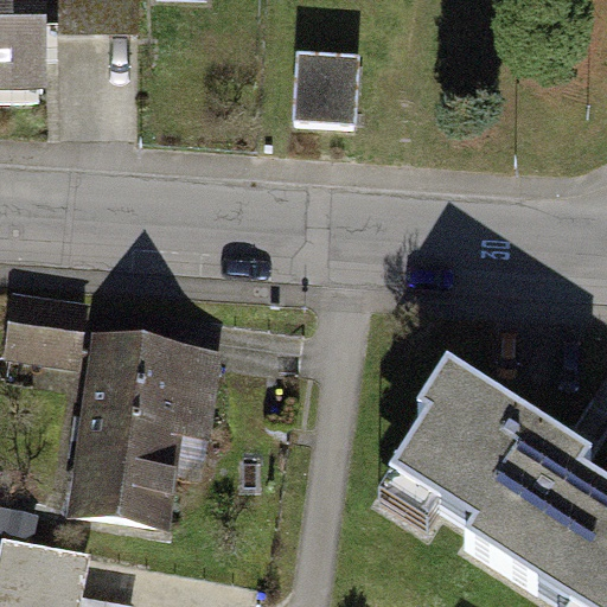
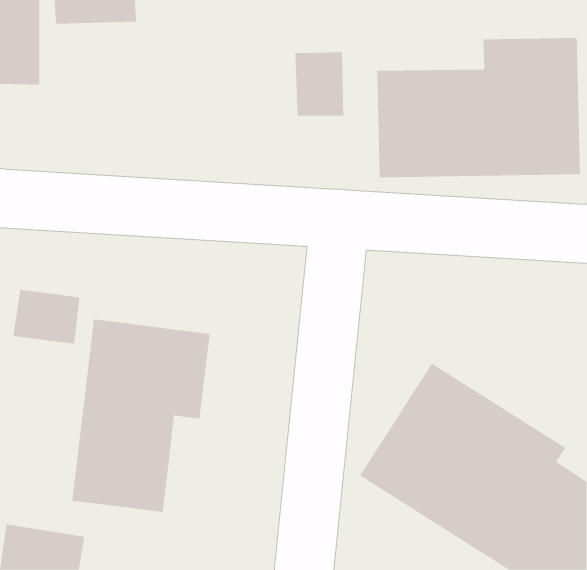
building: none -> [377,37,580,178]

